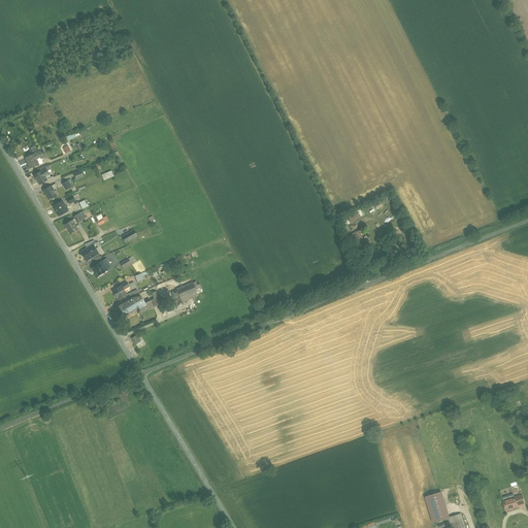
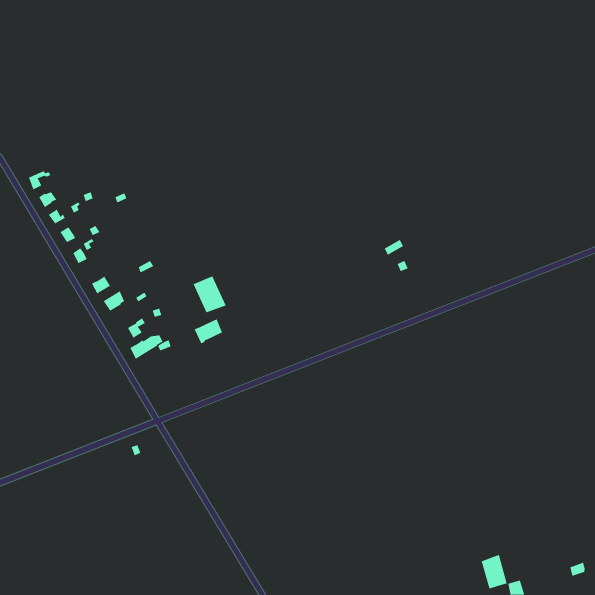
building: none -> [193,276,227,313]

